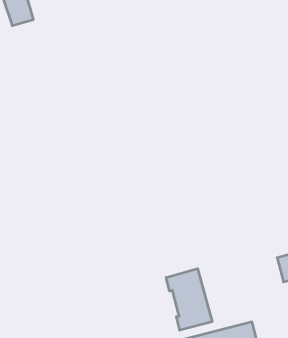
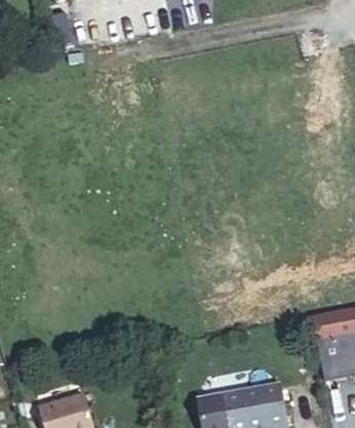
building: [166,269,212,330] -> none

